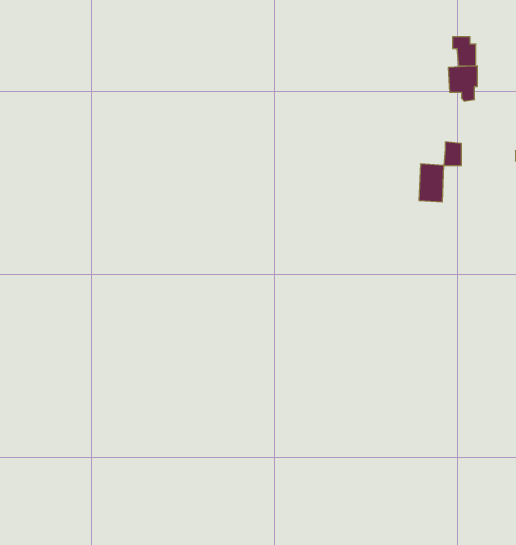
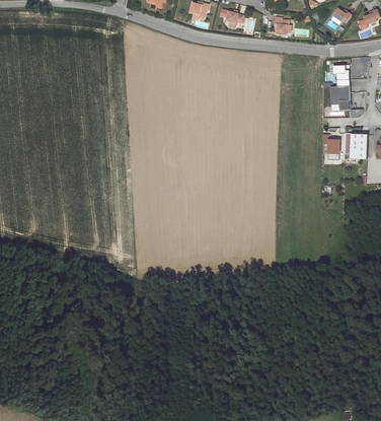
building: [419,164,444,202] -> [350,133,367,159]

